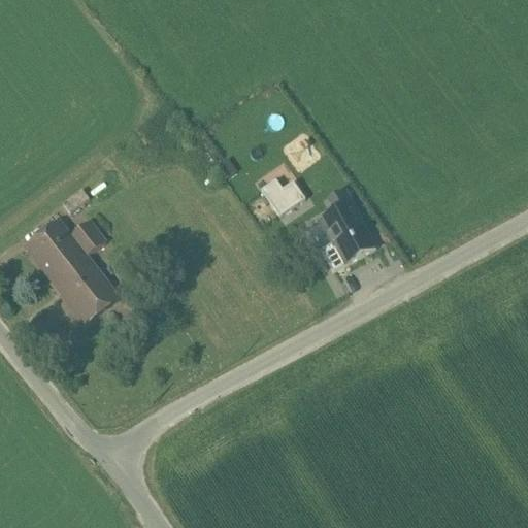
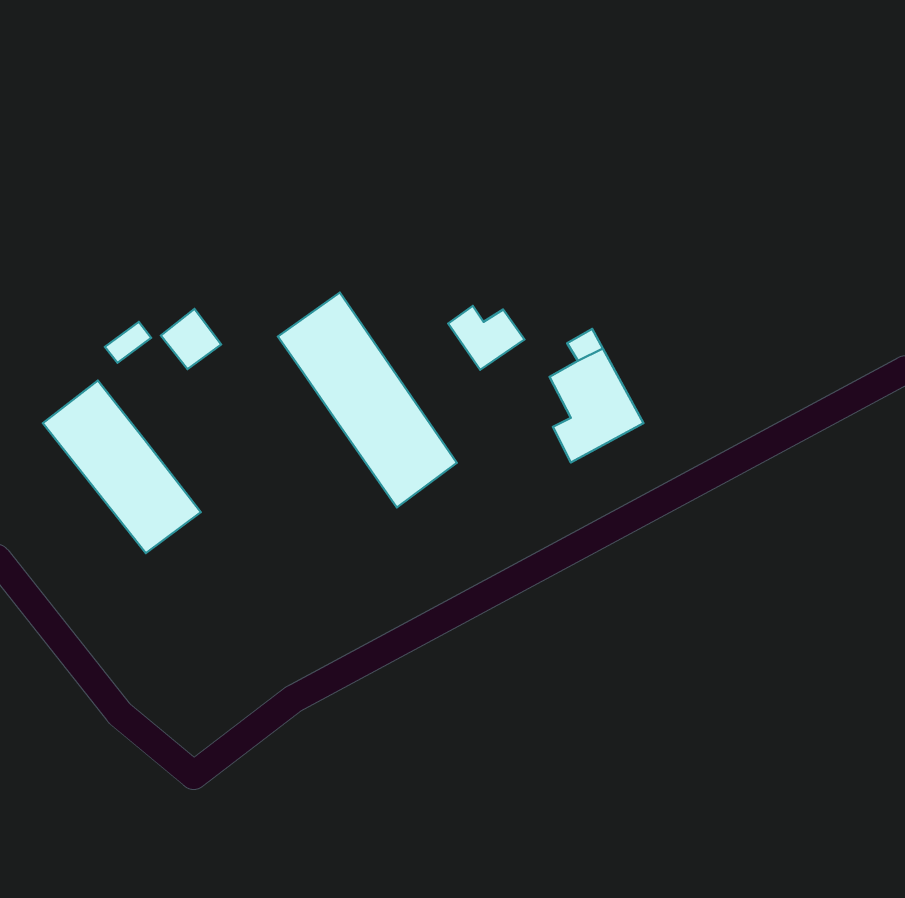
building: none -> [278,293,457,507]
building: [68,220,103,255] -> [161,309,221,369]

